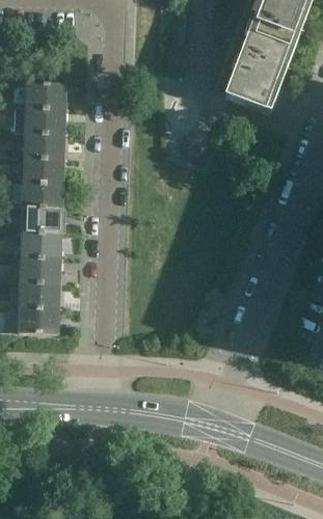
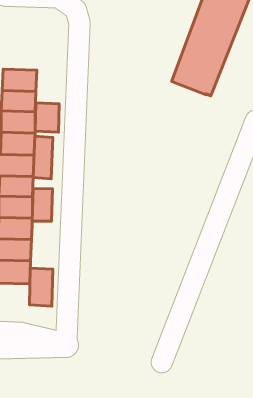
building: none -> [35,103,59,132]
building: none -> [33,136,53,179]
building: none -> [32,188,52,221]
building: none -> [29,268,53,306]

